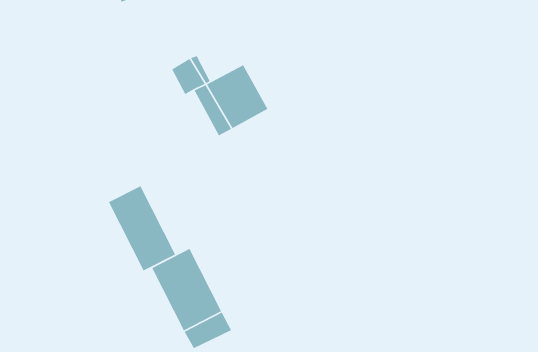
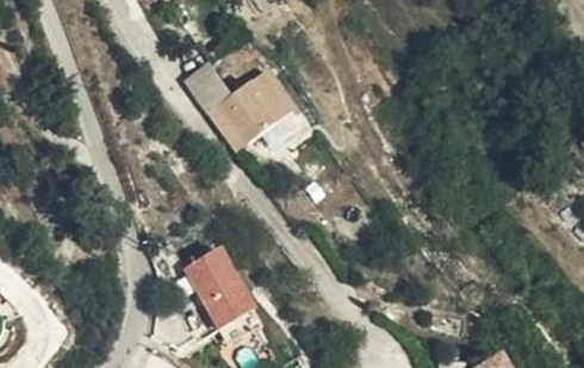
building: [108,185,176,271] -> none

